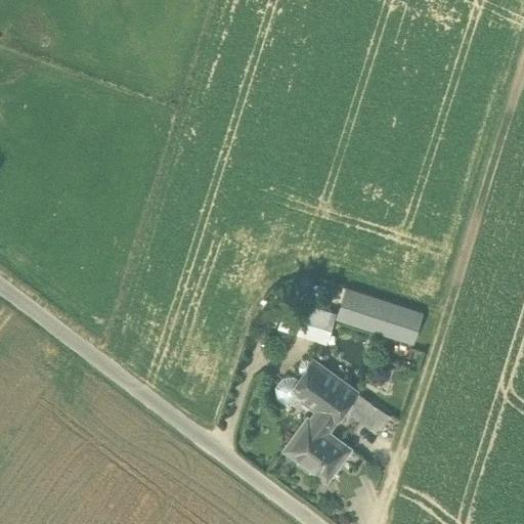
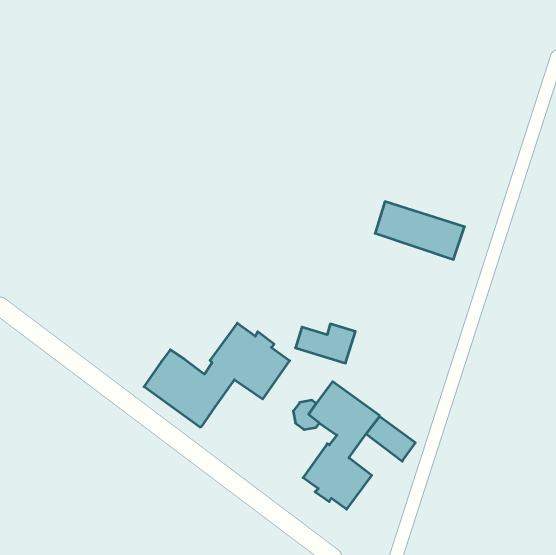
building: [339,290,423,344] -> [375,202,465,259]
building: none -> [144,323,290,427]

